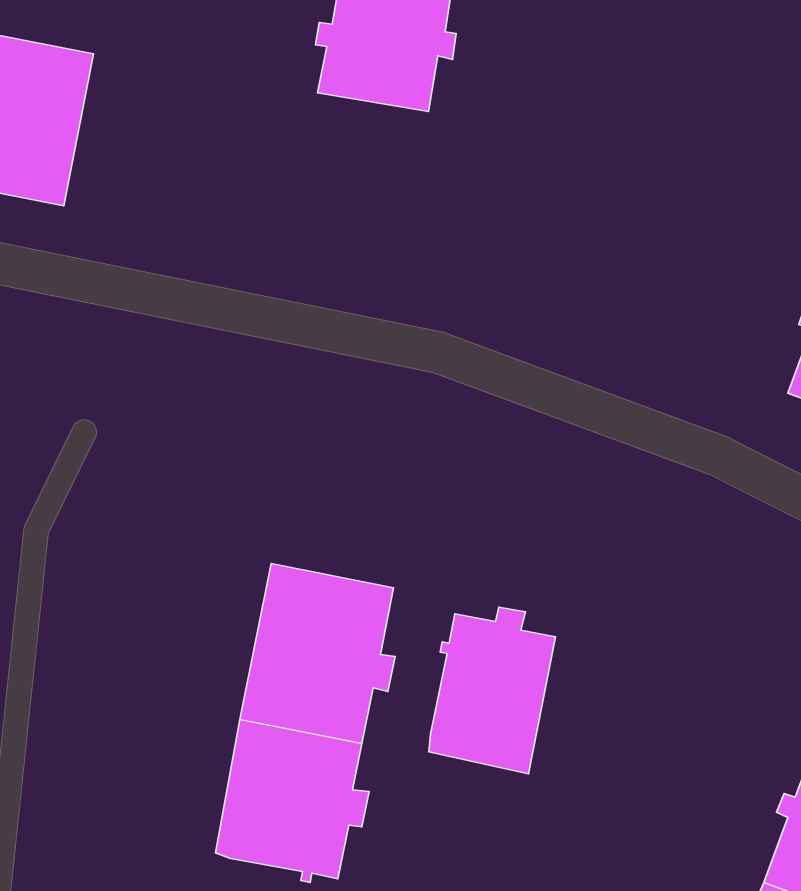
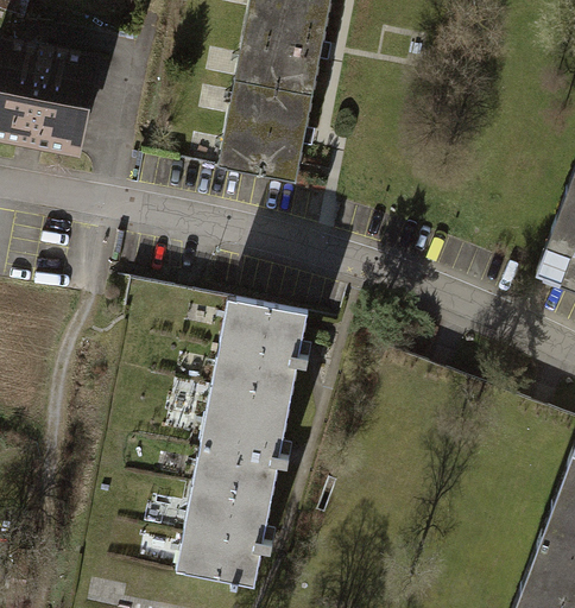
building: none -> [223,80,314,178]
building: none -> [211,296,310,397]
building: [429,607,556,774] -> none

